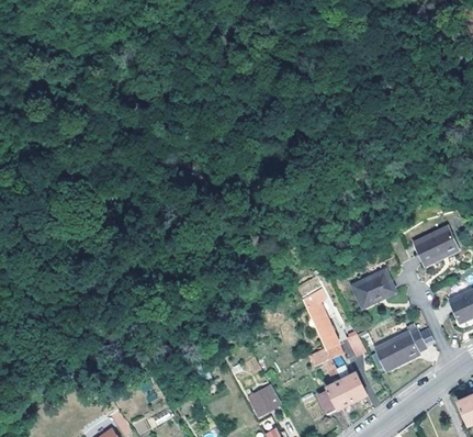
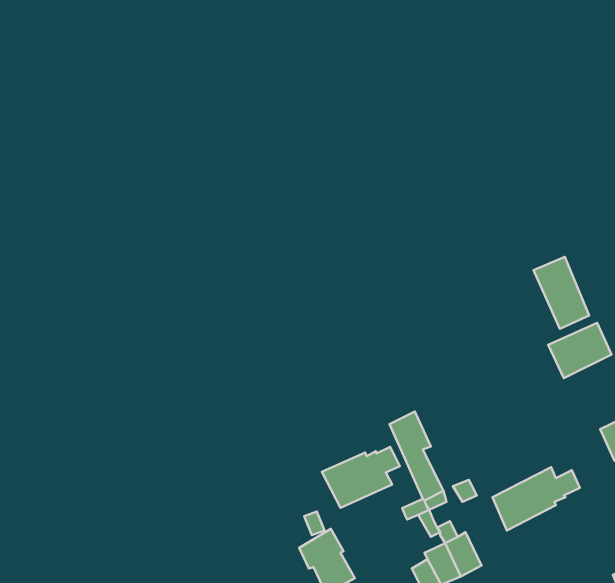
building: none -> [534,257,589,329]
building: [351,269,395,307] -> none
building: none -> [322,447,400,508]

